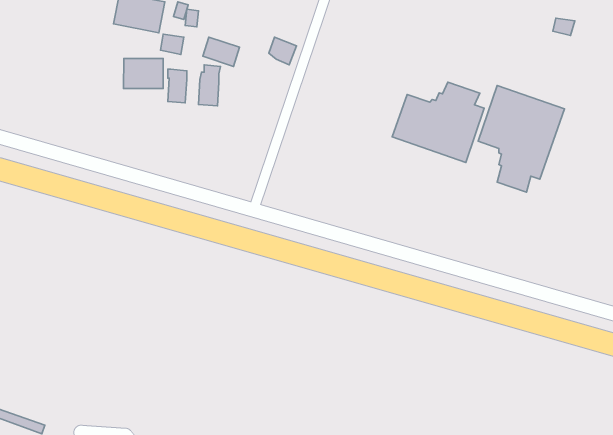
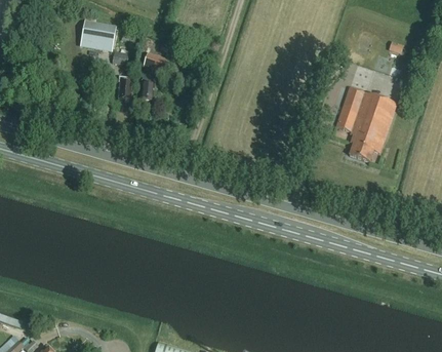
building: [124,59,163,89] -> none
building: [392,82,484,163] -> none

